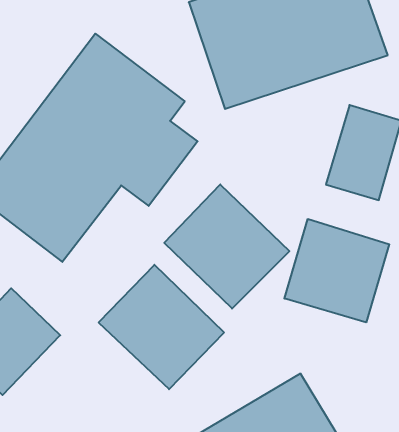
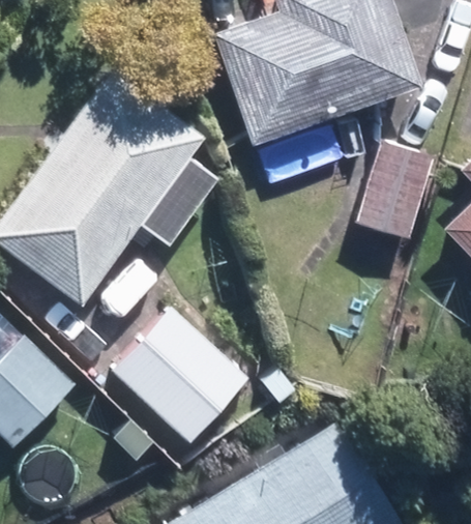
building: [164,184,289,309] -> none
building: [284,219,389,322] -> none

